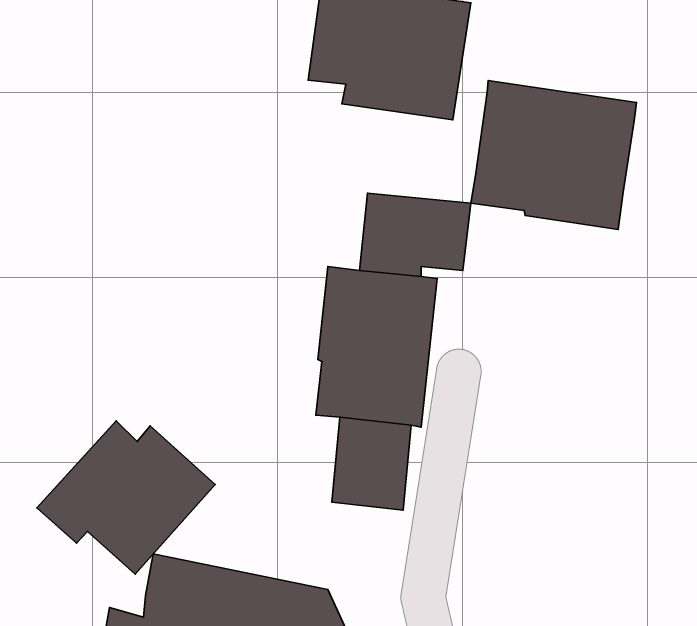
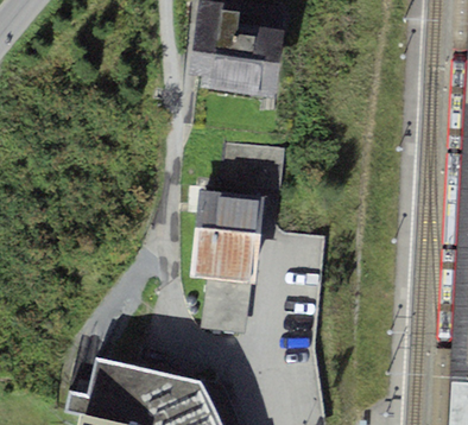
building: [471,81,637,229] -> none
building: [37,421,215,574] -> none

